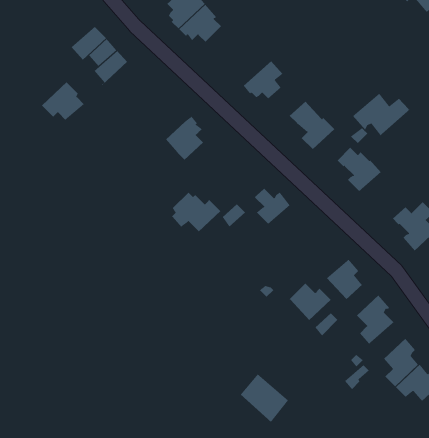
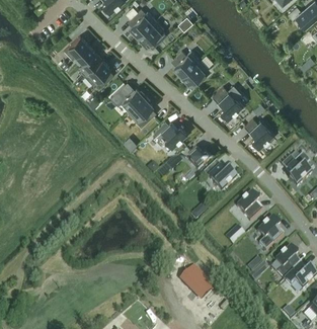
building: none -> [173,50,200,75]
building: [41,82,85,120] -> [85,59,114,85]
building: [352,93,411,137] -> none
building: none -> [113,86,146,111]
building: [170,192,221,232] -> [153,119,187,147]
building: [288,282,331,321] -> [208,165,237,191]

